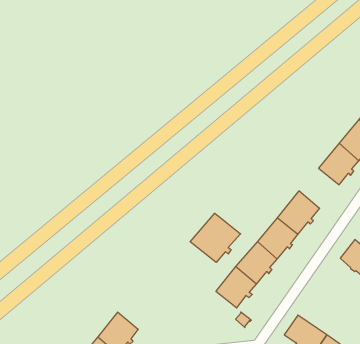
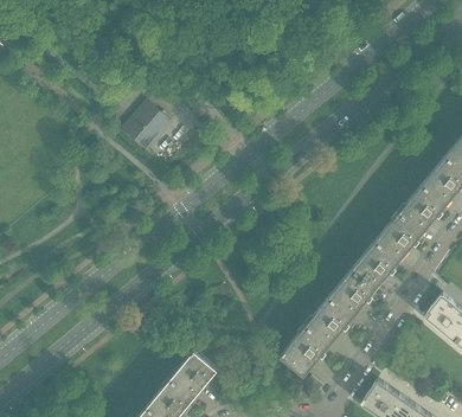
building: none -> [122,102,171,152]
building: none -> [377,213,423,259]
building: [190,213,241,262] -> none
building: none -> [169,351,217,398]

